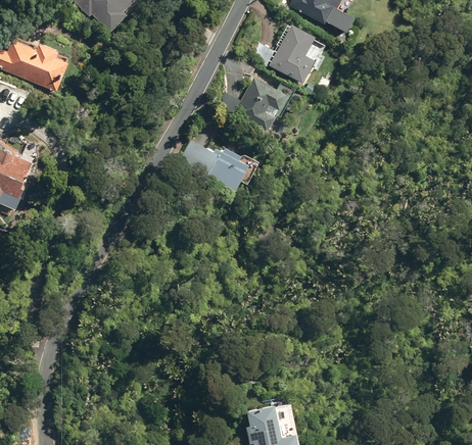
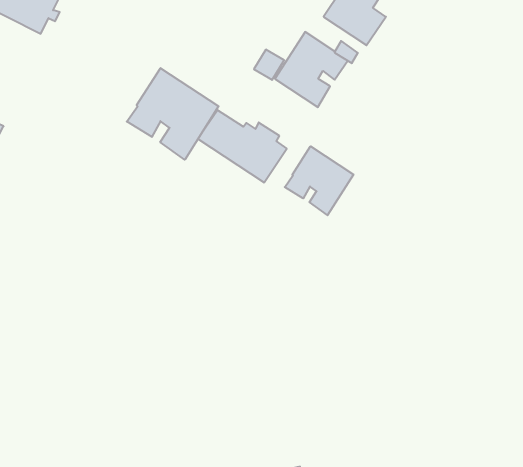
building: none -> [127,68,219,160]
building: none -> [285,146,353,215]

